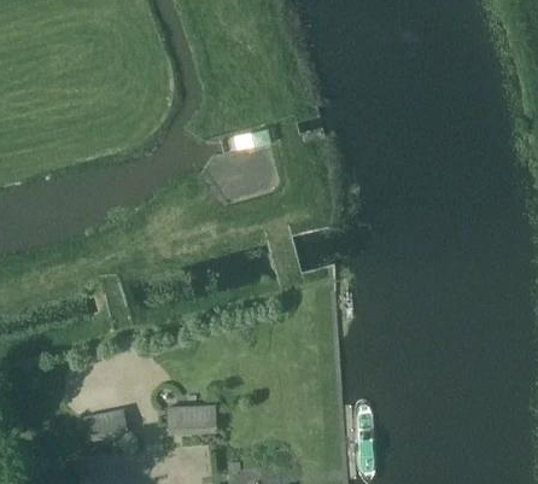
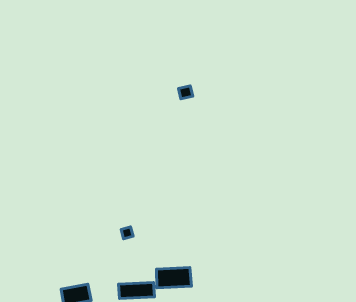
building: none -> [156,268,191,288]

